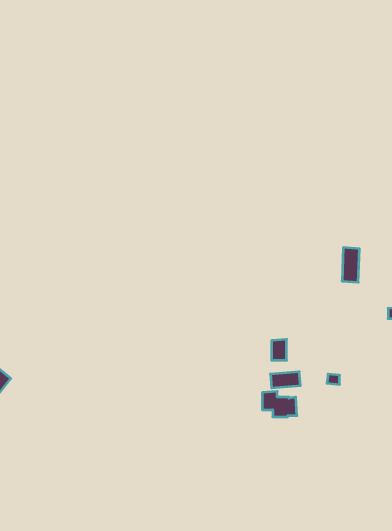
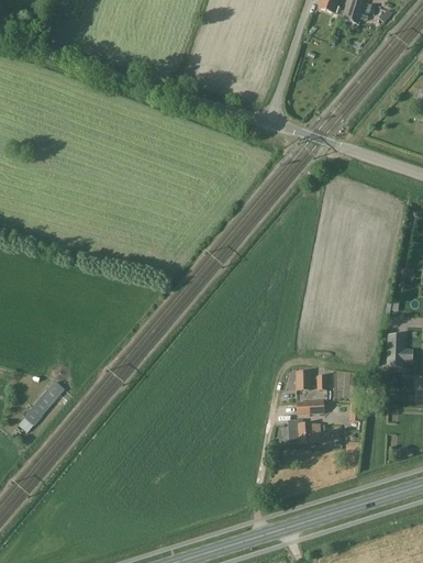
building: [342,248,359,282] -> [389,333,405,366]

